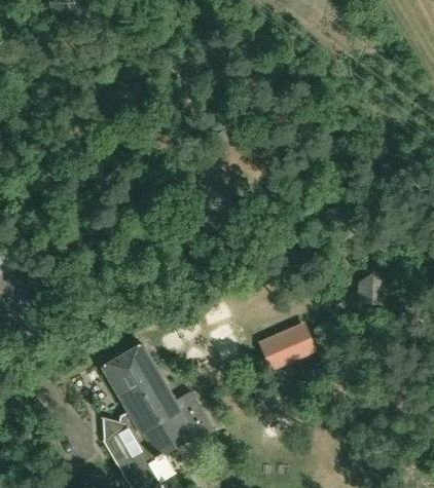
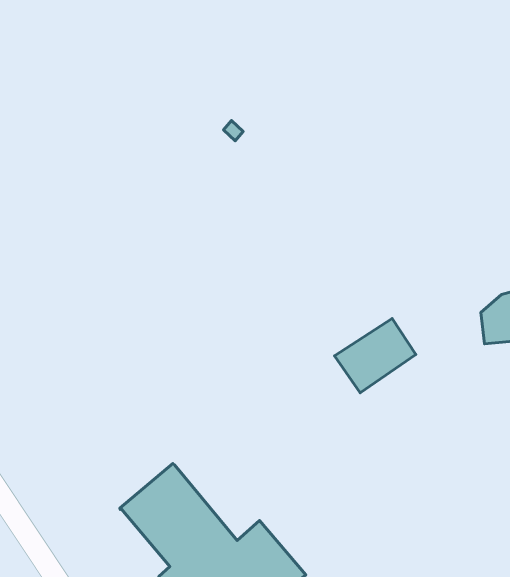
building: [260,324,313,368] -> [335,318,416,393]

